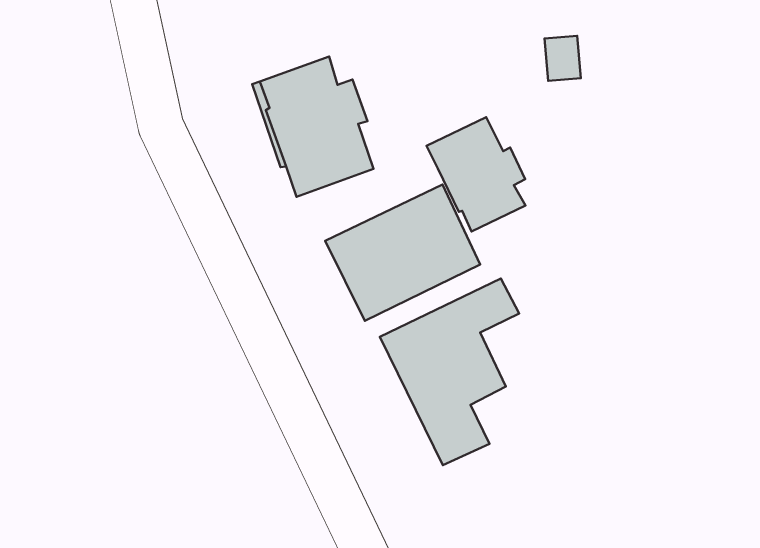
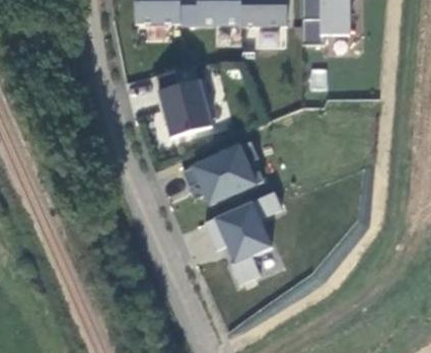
building: [427,117,525,231] -> none

